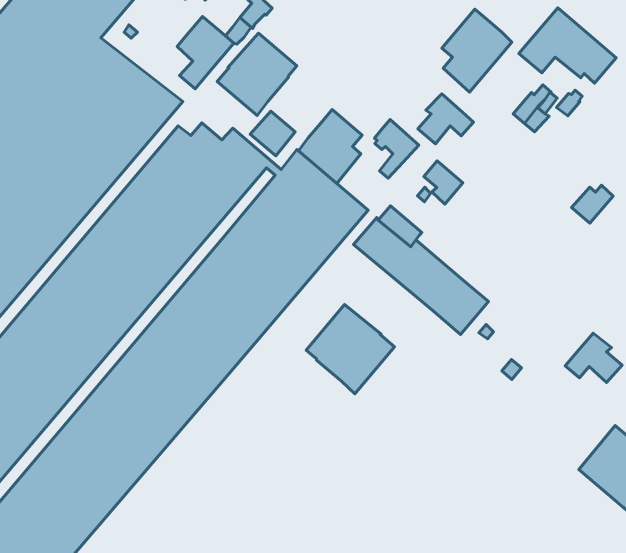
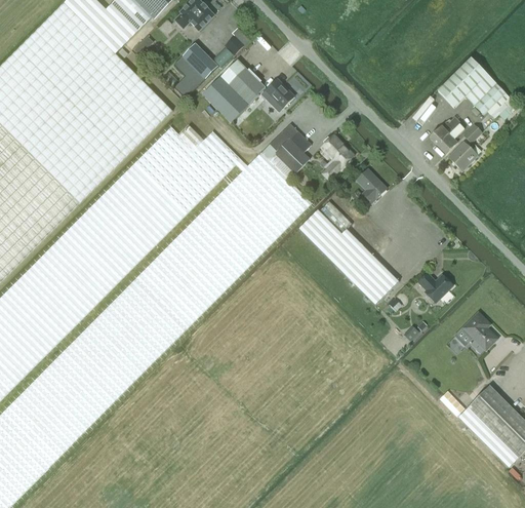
building: [442,9,512,92] -> none
building: [418,94,474,144] -> none
building: [250,111,295,156] -> [259,78,294,113]
building: [571,185,613,223] -> [447,142,480,170]
building: none -> [417,273,452,303]
building: [306,305,394,394] -> none

